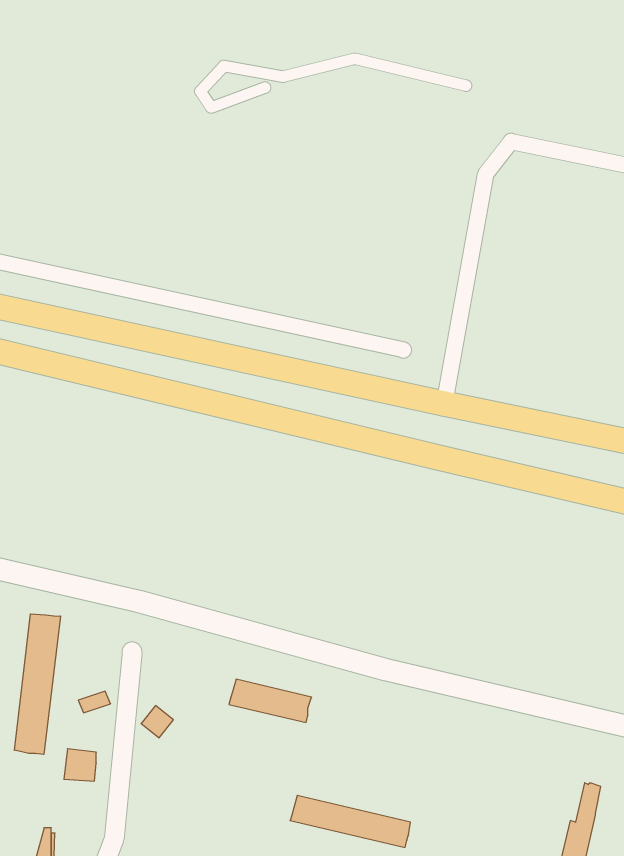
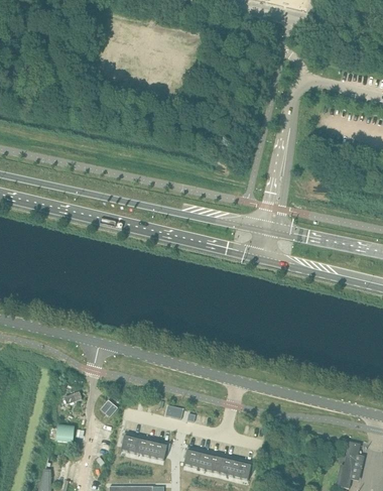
building: [14,614,61,754] -> none
building: [229,679,312,722] -> [121,436,167,460]

